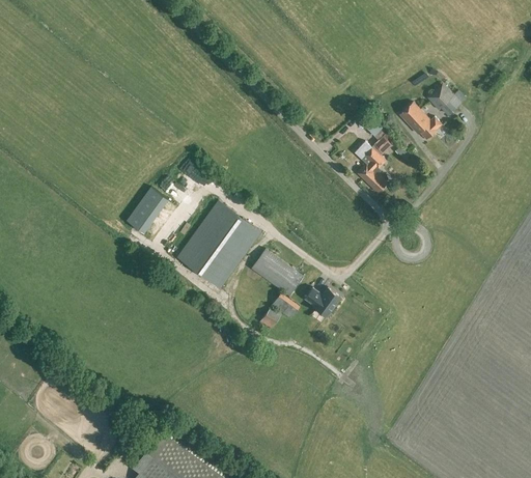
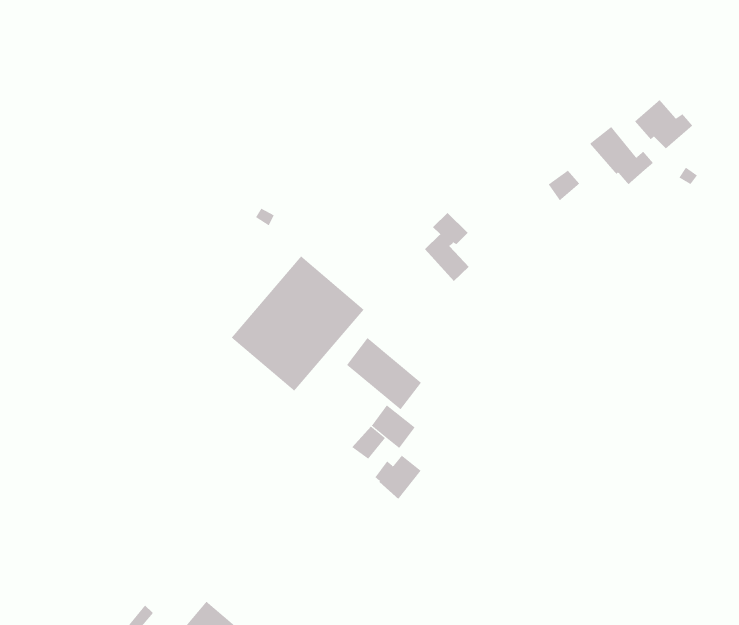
building: [357,148,387,193] -> [424,212,469,282]
building: [127,187,168,233] -> none
building: [311,288,341,317] -> [374,455,421,500]

